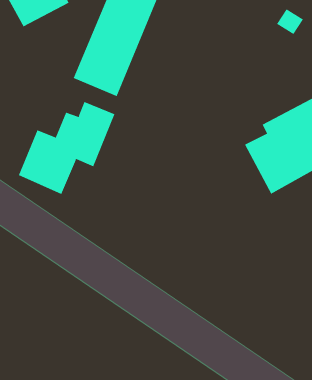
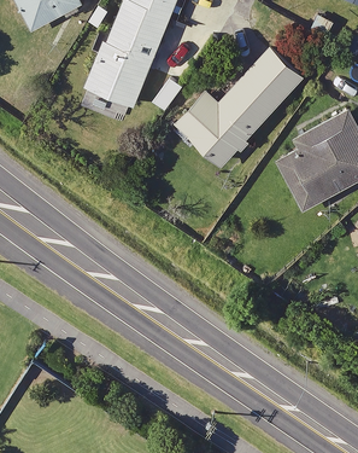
building: none -> [175,48,303,165]
building: [18,101,115,195] -> none

